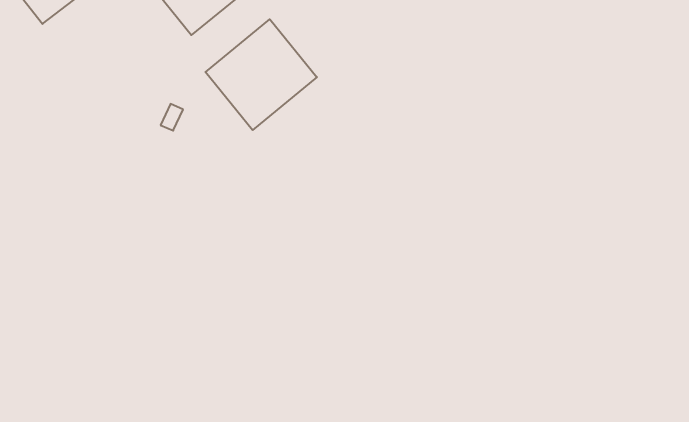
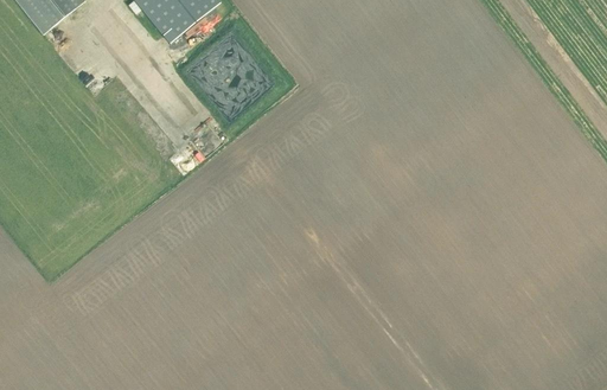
building: [205,19,317,130] -> none

